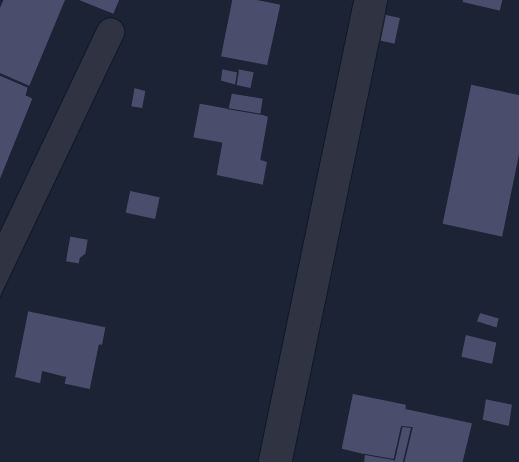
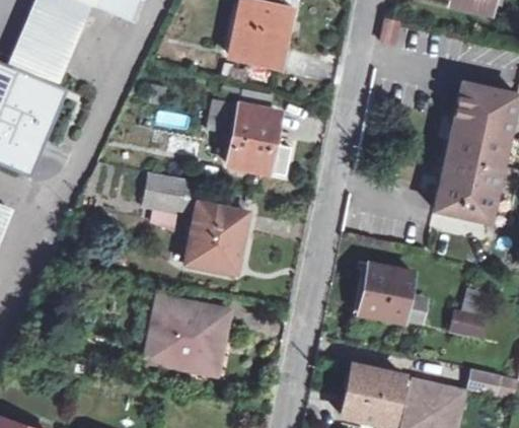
building: none -> [188,202,248,272]
building: none -> [355,265,427,320]
building: [14,311,106,389] -> [147,296,231,368]

